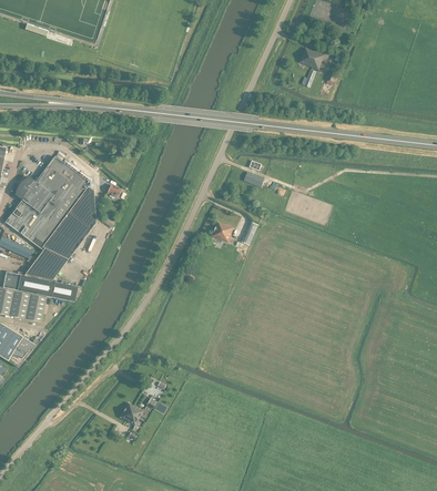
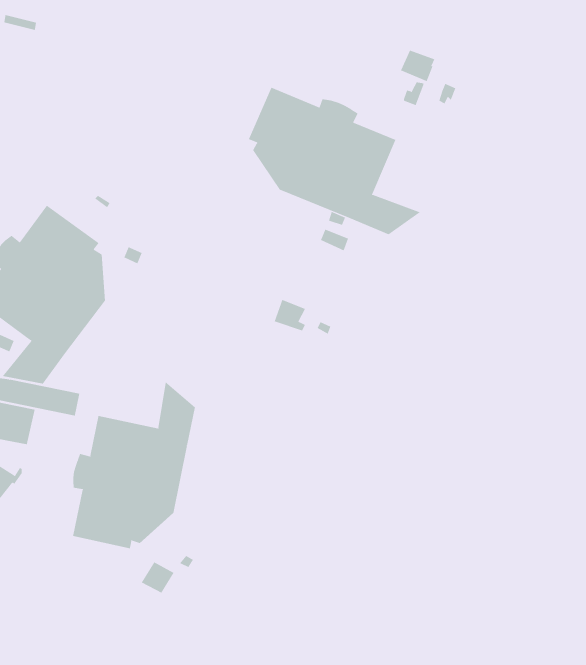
building: none -> [248,87,421,235]
building: none -> [72,381,196,549]

